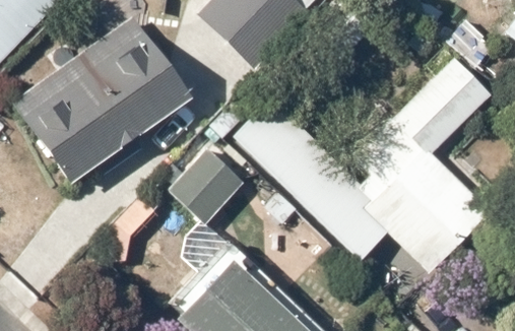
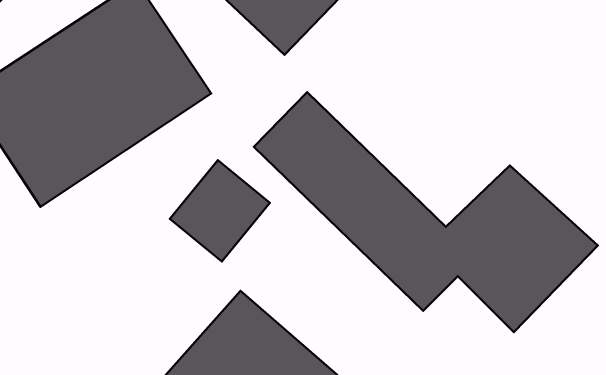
building: [390,57,484,150] -> none

